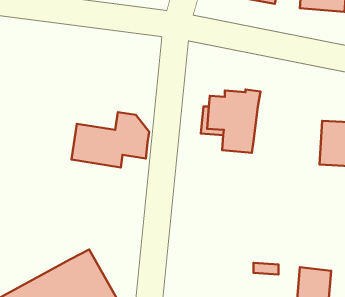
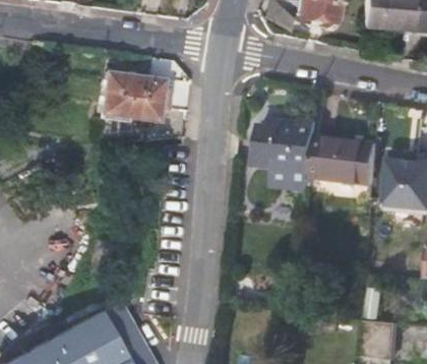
building: none -> [310,138,378,185]
building: [72,112,149,167] -> [102,56,190,119]

